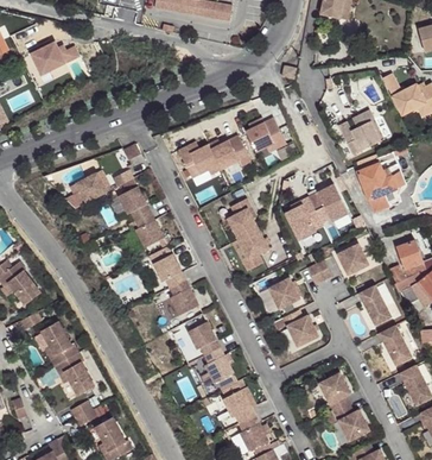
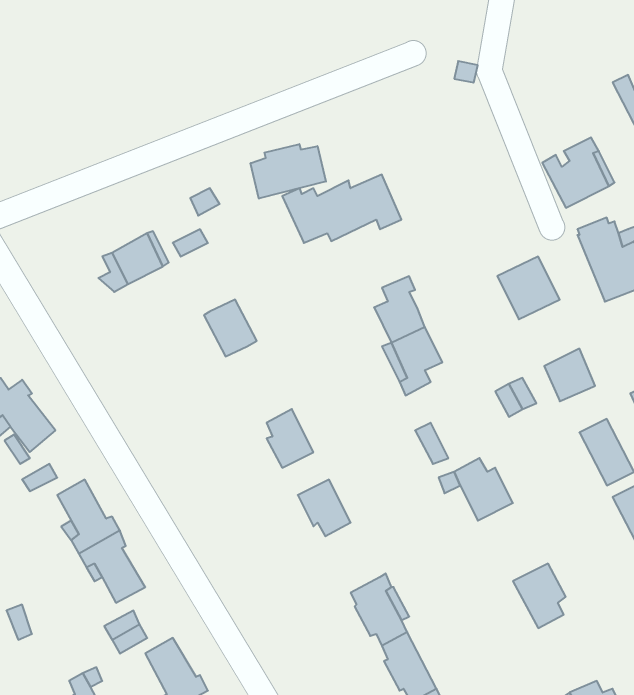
building: [28,39,80,74] -> none
building: none -> [251,144,326,199]
building: [246,119,286,153] -> none
building: [117,185,150,219] -> none
building: [285,197,323,240] -> none
building: [148,245,184,286] -> none
building: [268,276,300,308] -> none
building: [204,347,237,390] -> none
building: [333,403,369,441] -> none

